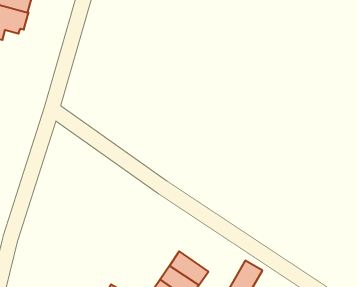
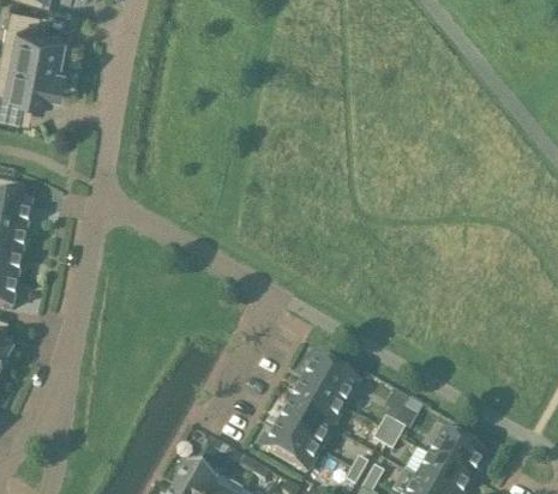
building: none -> [302,355,360,405]

